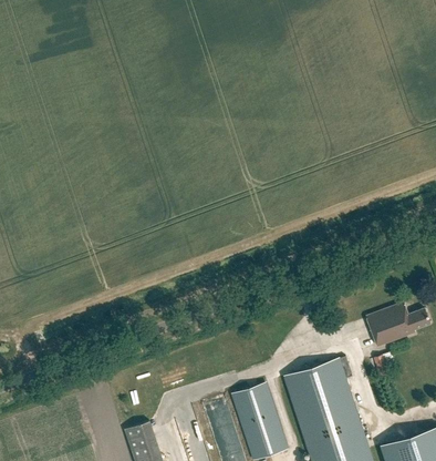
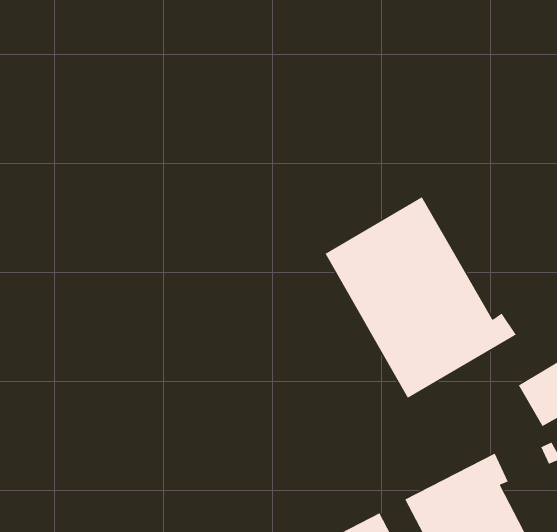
building: none -> [325,196,517,399]

